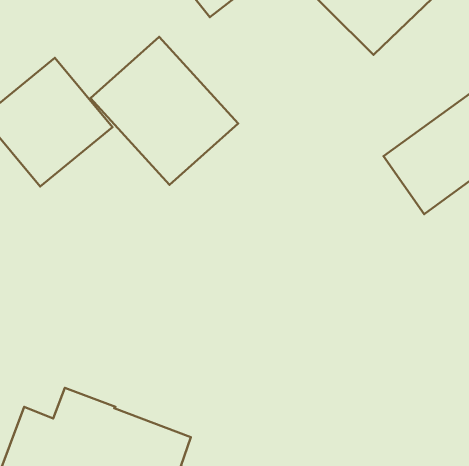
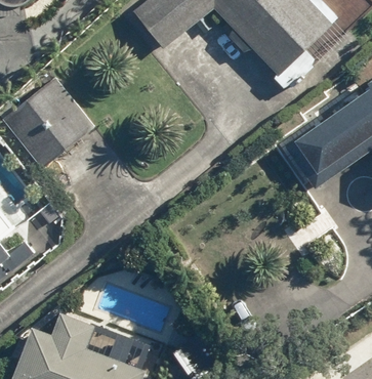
building: [91,37,238,185] -> none

